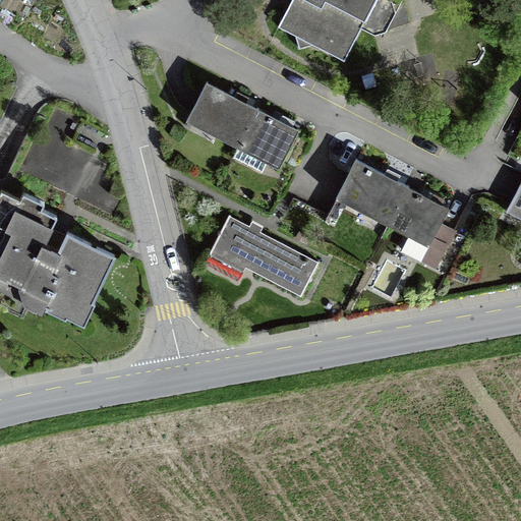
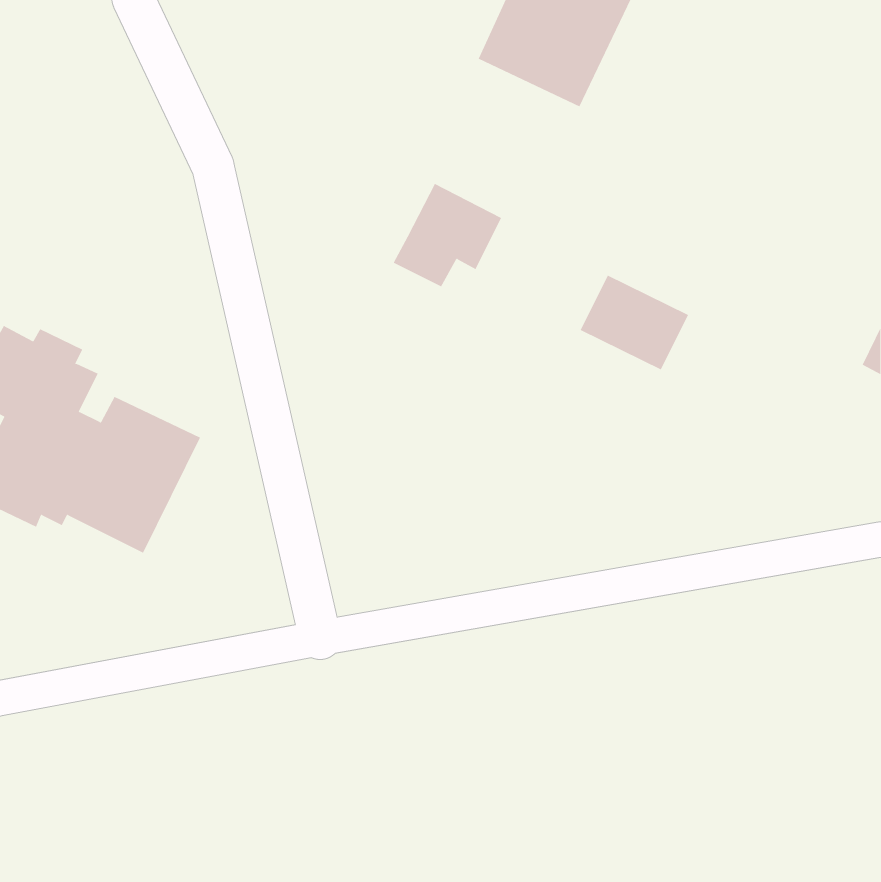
building: [189,81,255,139] -> none
building: [386,185,446,264] -> none
building: [211,222,316,301] -> none

